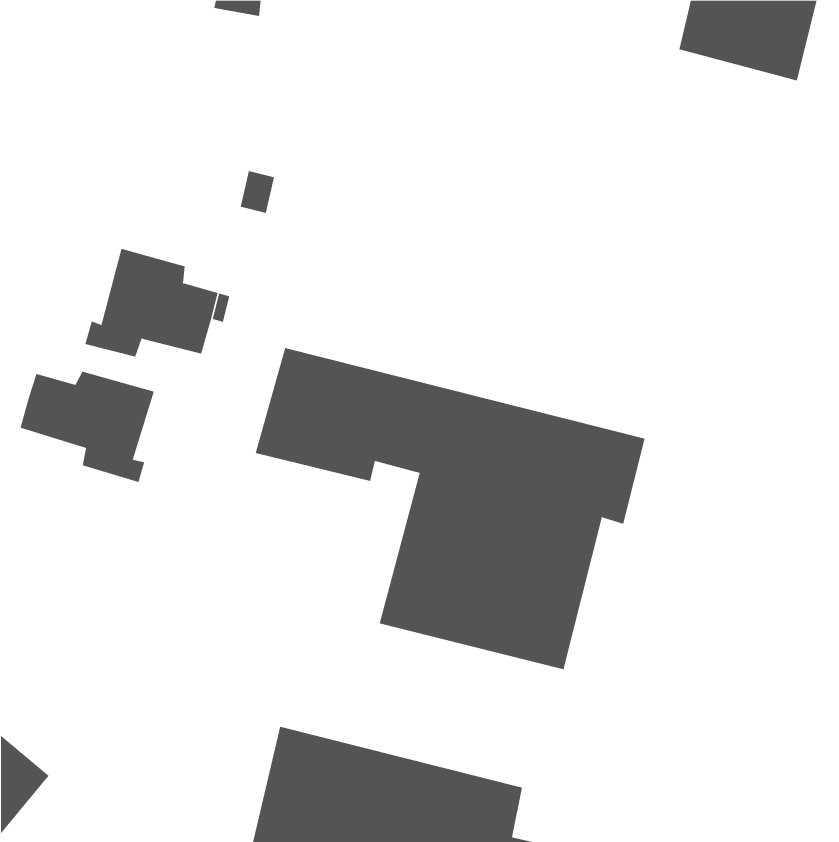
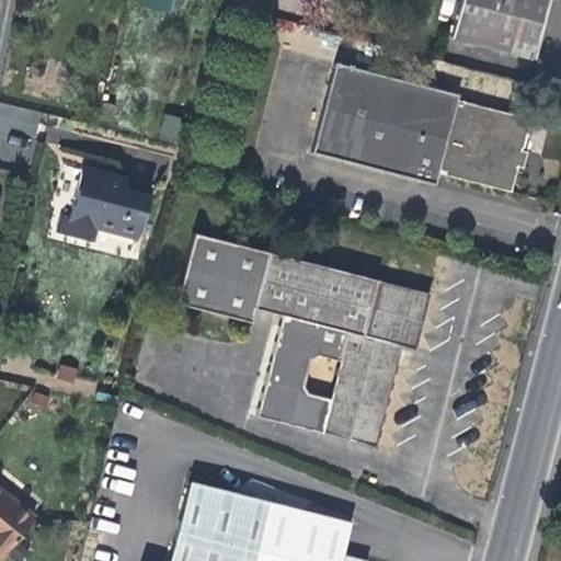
building: none -> [313,64,531,192]
building: [20,371,154,483] -> none

